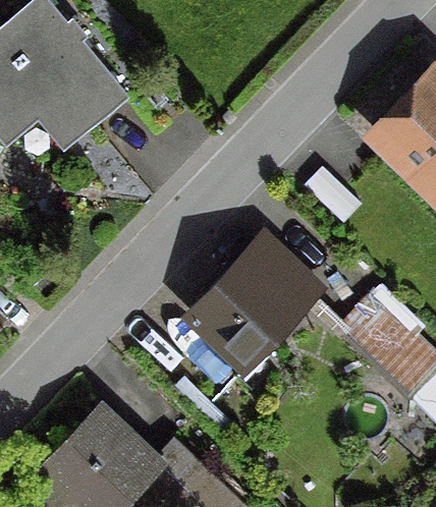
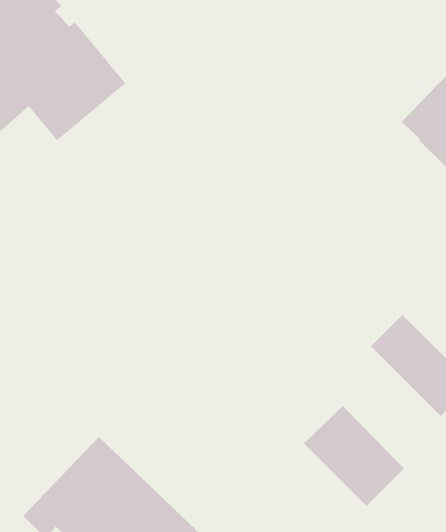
building: [193,234,320,363] -> none
building: none -> [303,405,405,507]

